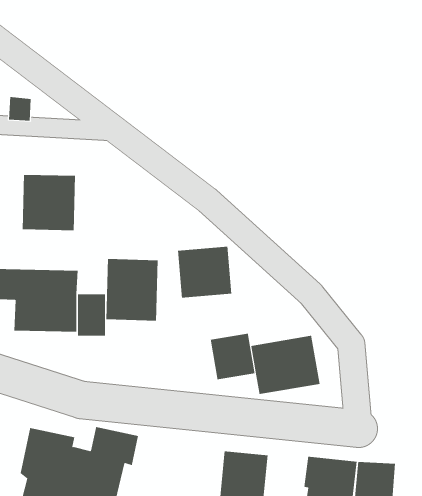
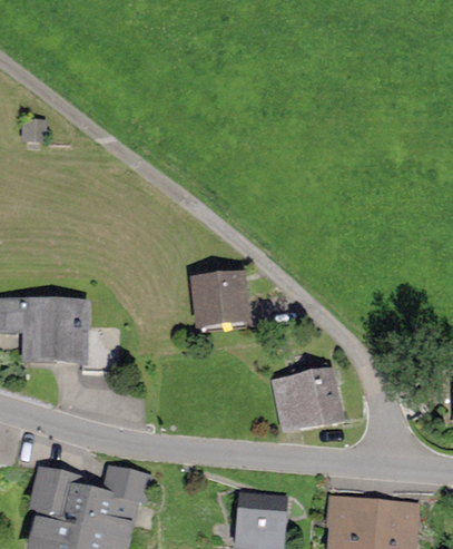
building: [22,174,75,231] -> none
building: [106,258,158,321] -> none
building: [210,333,255,380] -> none

